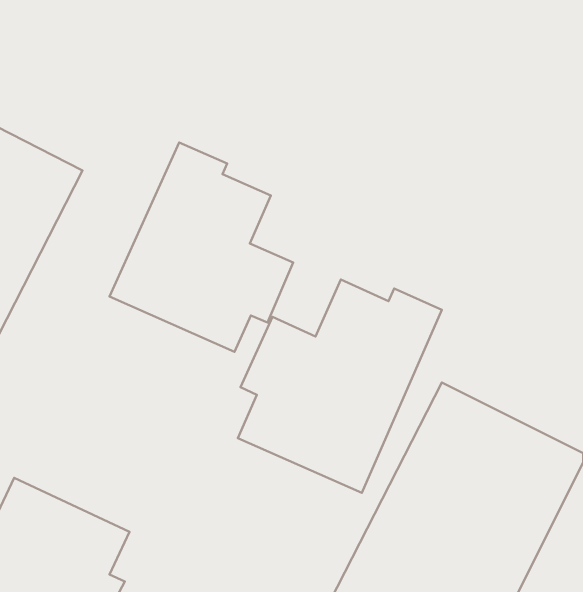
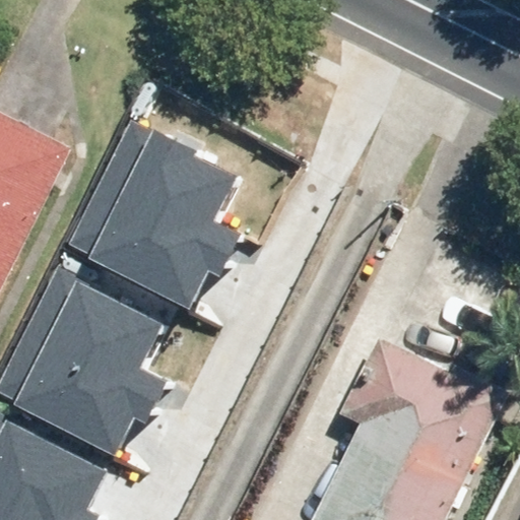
building: [238,280,442,493] -> none
building: none -> [24,281,177,447]

